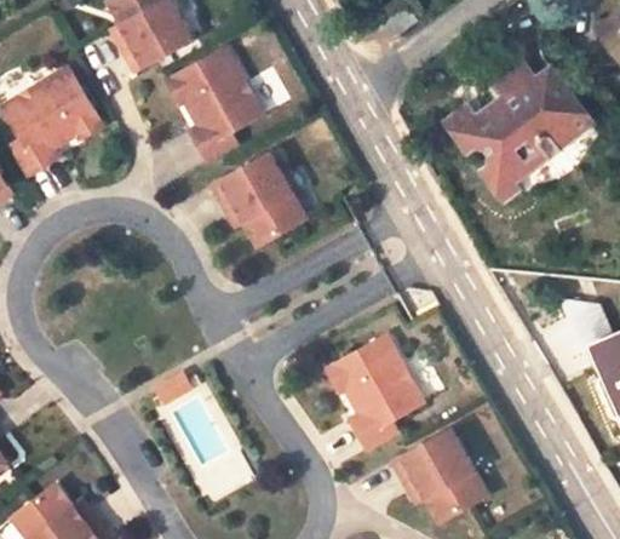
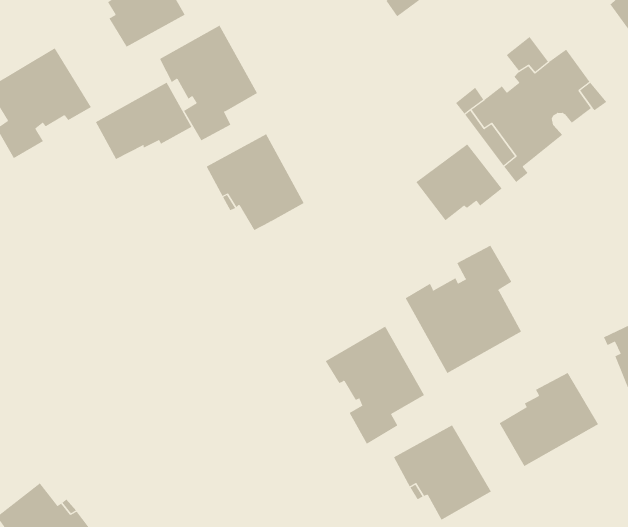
building: none -> [95,82,192,160]
building: none -> [416,143,503,221]
building: none -> [405,245,522,374]
building: none -> [499,372,599,467]

